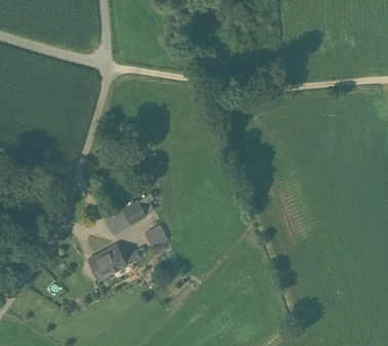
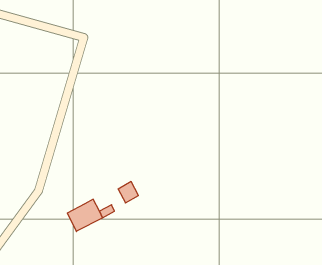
building: [105,198,150,233] -> none

